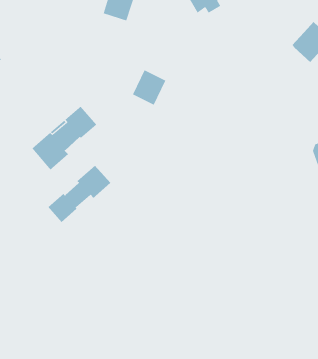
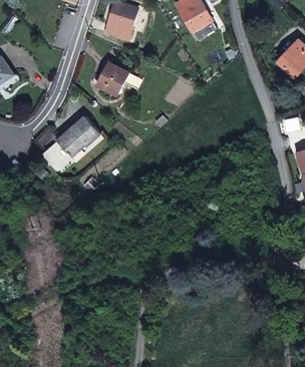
building: [132,69,166,106] -> [96,61,127,94]
building: [48,165,111,223] -> none

